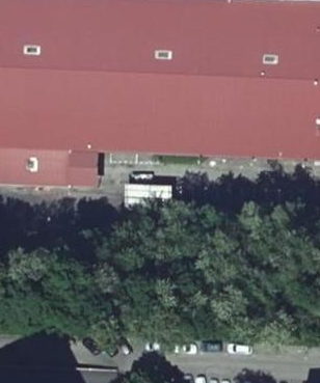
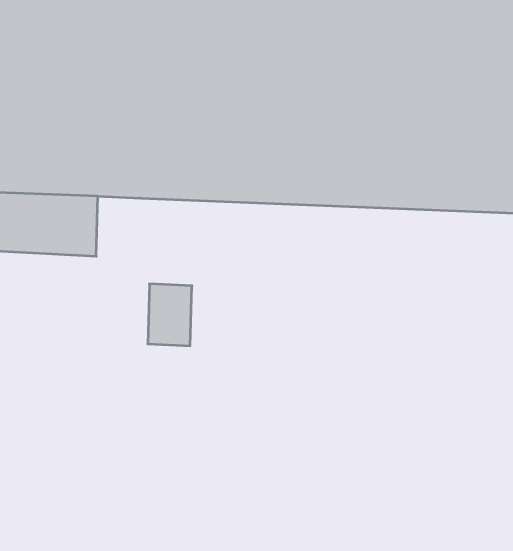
building: [69,148,95,185] -> [148,284,192,346]

